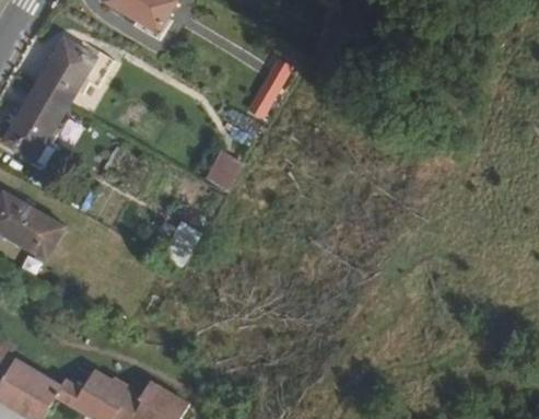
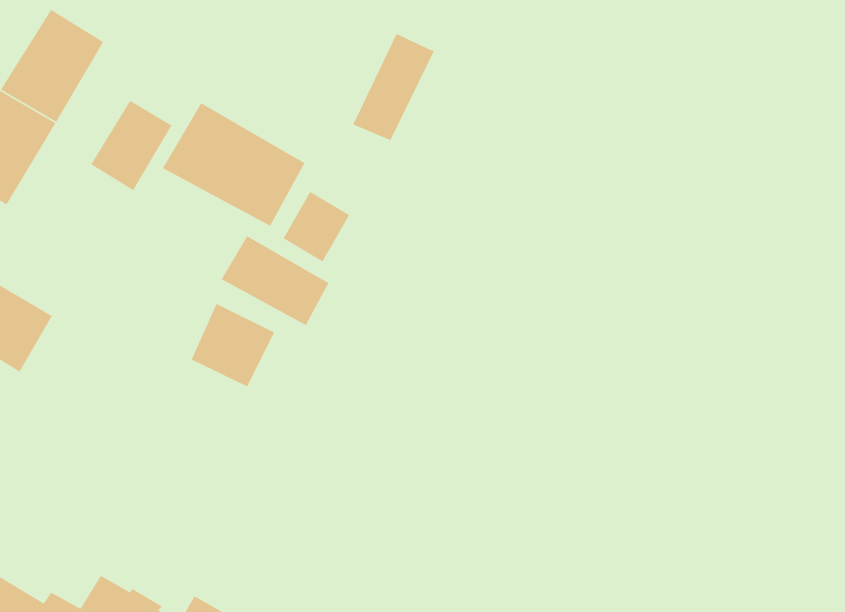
building: none -> [90,100,173,191]
building: none -> [162,102,305,227]
building: none -> [221,235,329,326]

